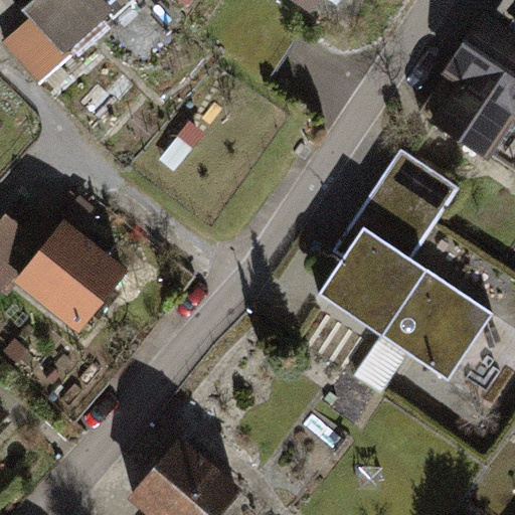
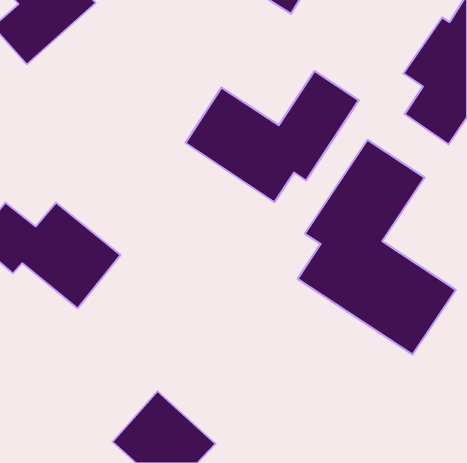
building: none -> [185,71,359,202]

